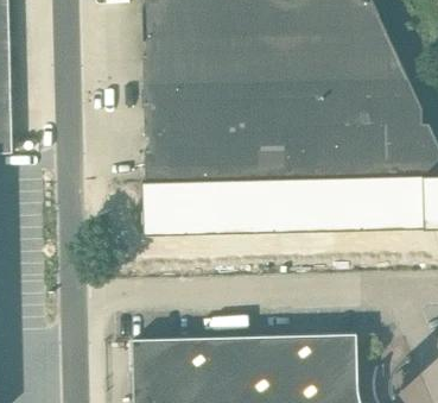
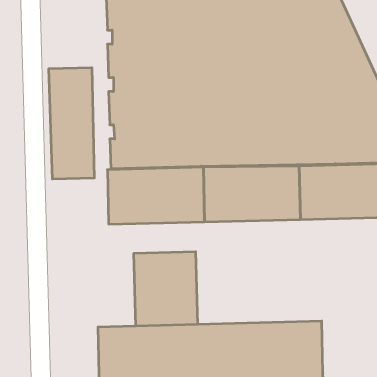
building: none -> [49,68,94,179]
building: none -> [134,252,197,326]

